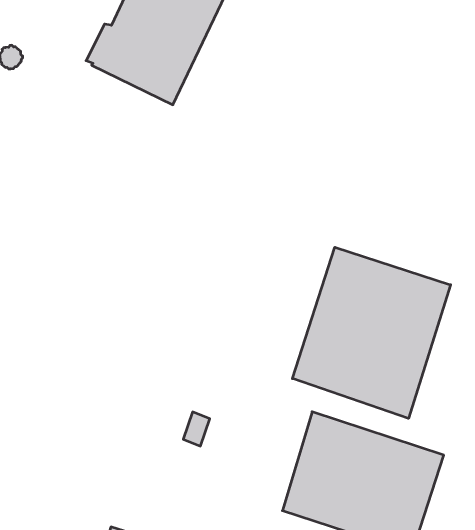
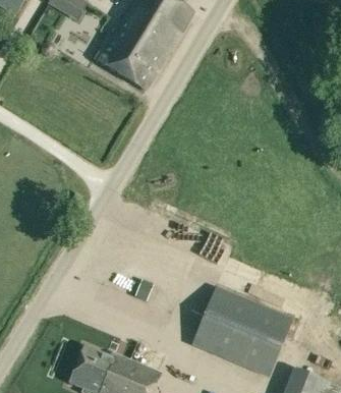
building: [292,247,451,418] -> none

